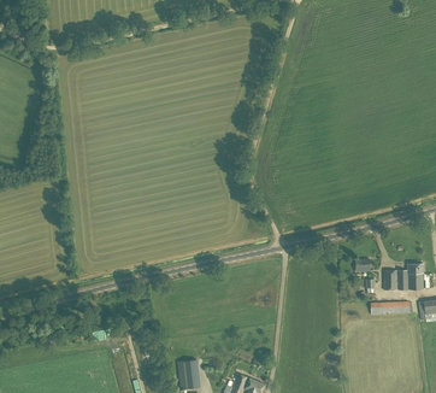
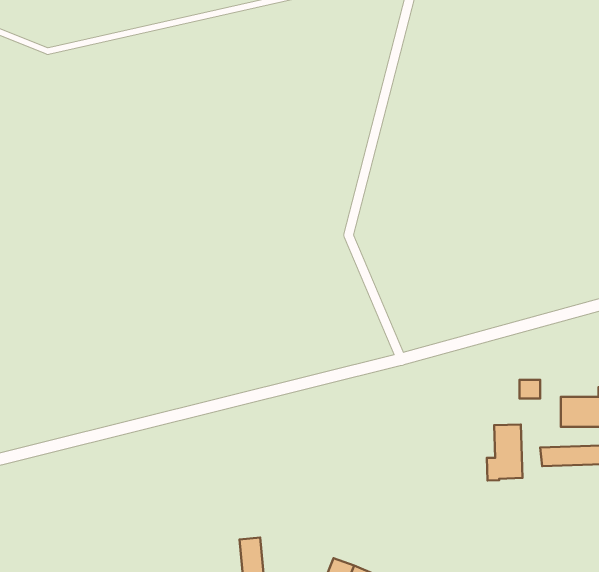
building: none -> [487,424,523,481]

